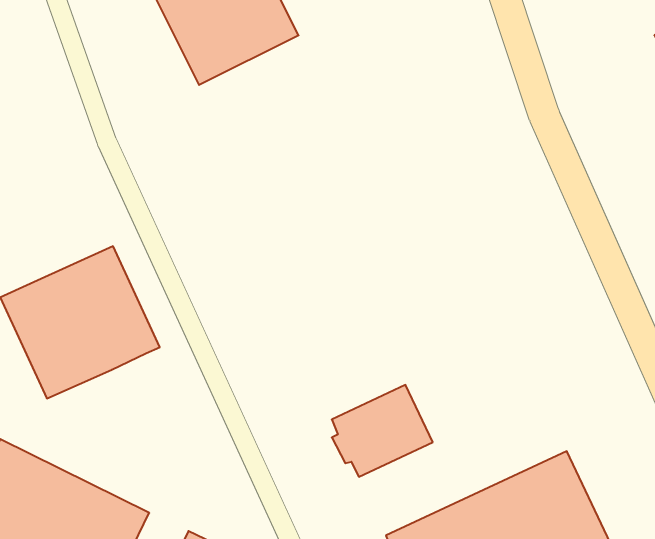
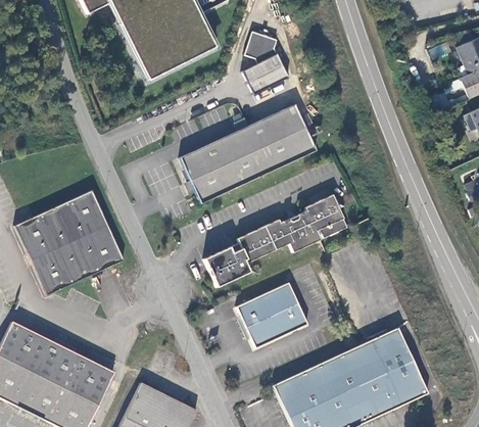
building: none -> [241,32,286,91]
building: none -> [178,103,316,202]
building: none -> [204,194,346,287]

